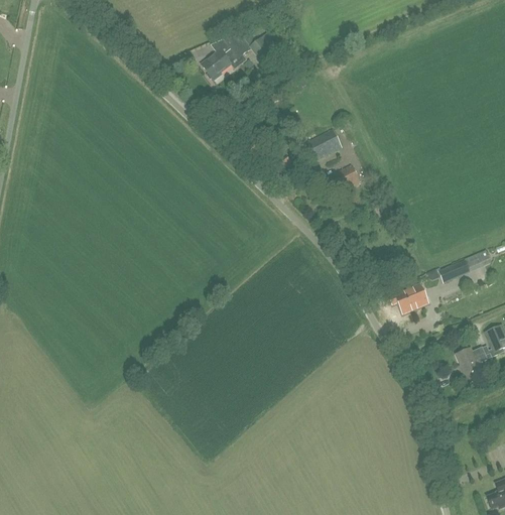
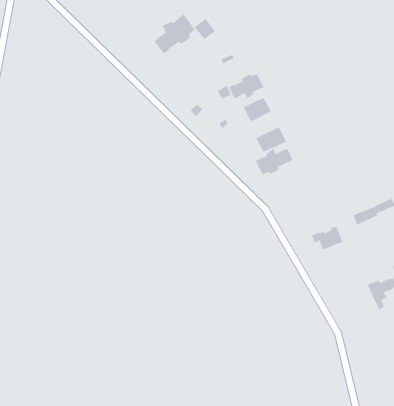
building: none -> [229,73,264,99]
building: none -> [255,148,293,175]

